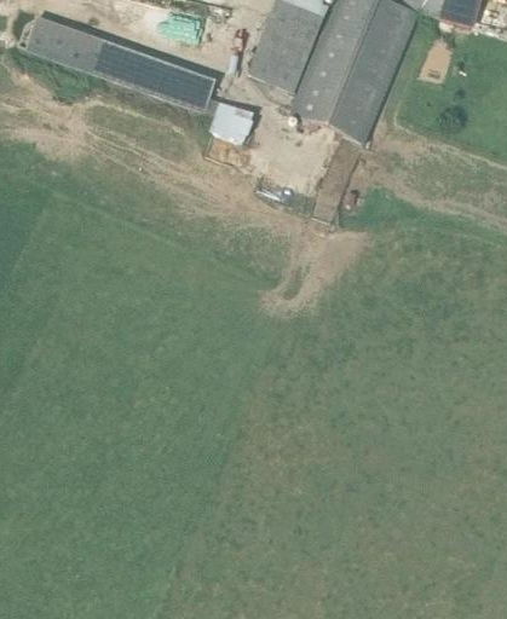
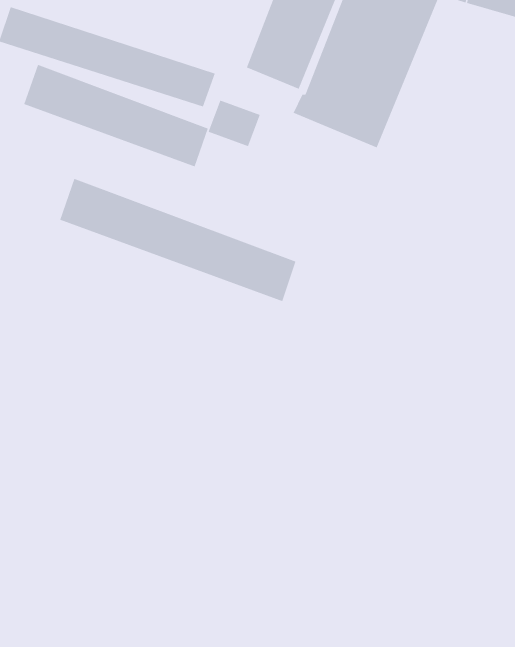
building: none -> [23,64,209,168]
building: none -> [59,178,297,302]

